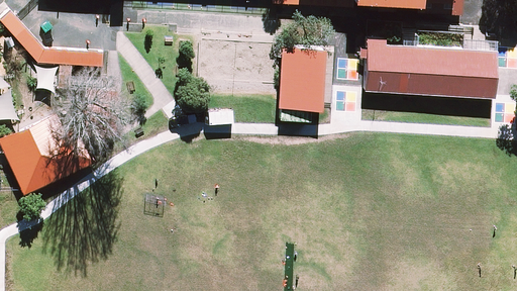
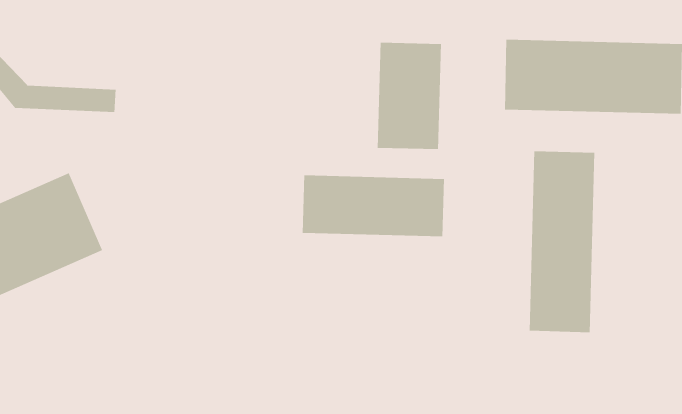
building: none -> [529,150,595,333]
building: none -> [302,175,445,237]

